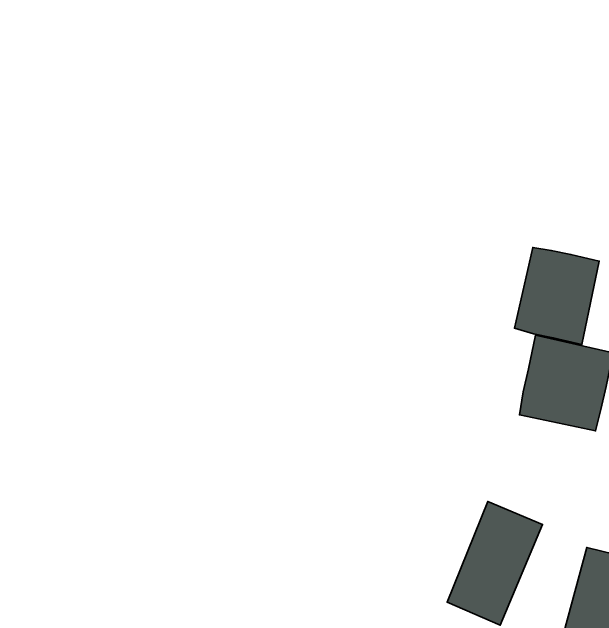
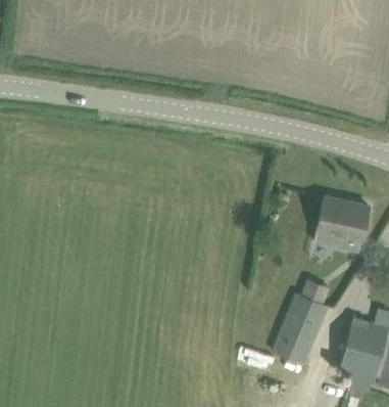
building: [515,247,599,344] -> none

